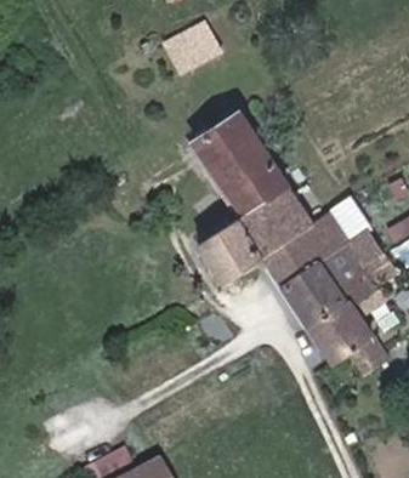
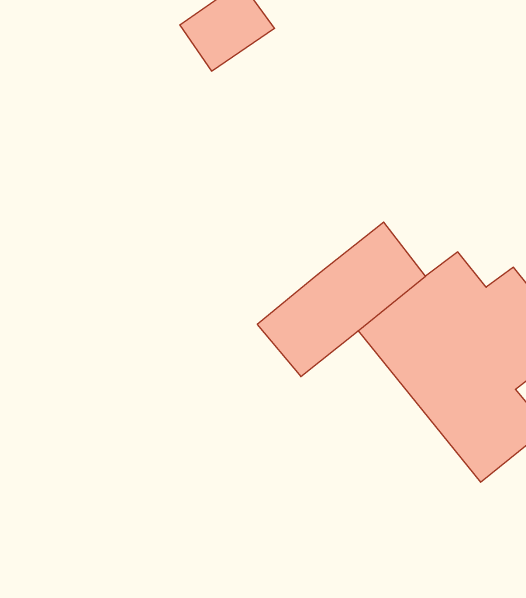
building: [188,106,285,215] -> none

